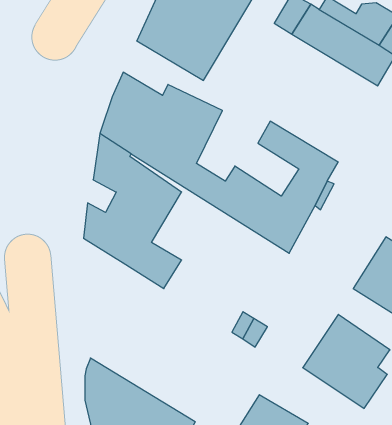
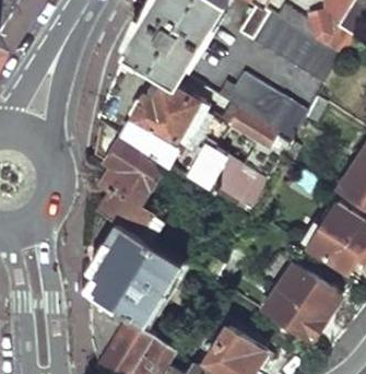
building: none -> [226,71,308,141]
building: none -> [94,222,182,327]

